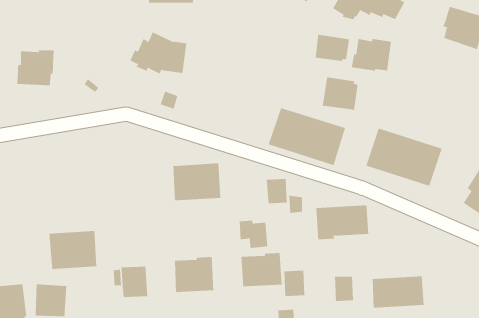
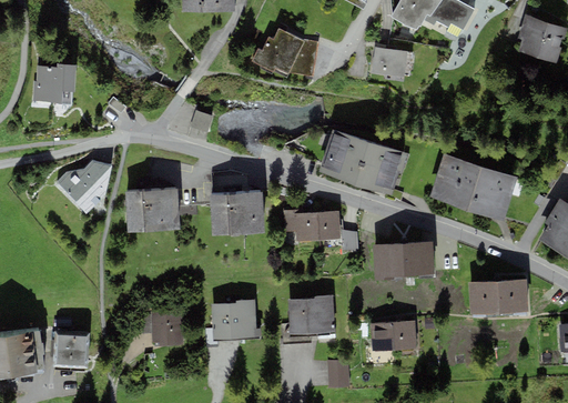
building: [130,31,187,74] -> [253,28,318,77]
building: [351,38,392,71] -> none
building: [322,77,358,111] -> none
building: none -> [57,160,113,213]
building: [239,220,268,249] -> [285,209,318,241]
building: [48,231,97,270] -> [124,188,180,232]
building: [284,270,305,296] -> [371,321,395,351]
building: [372,276,425,308] -> [468,278,528,314]

